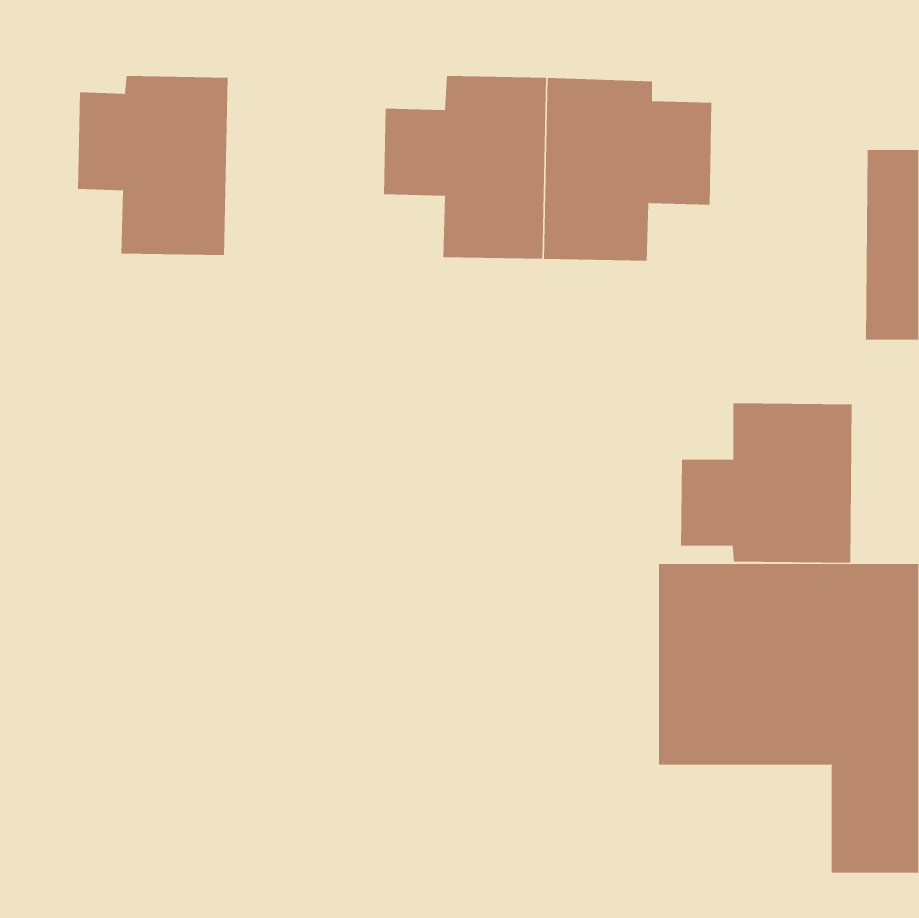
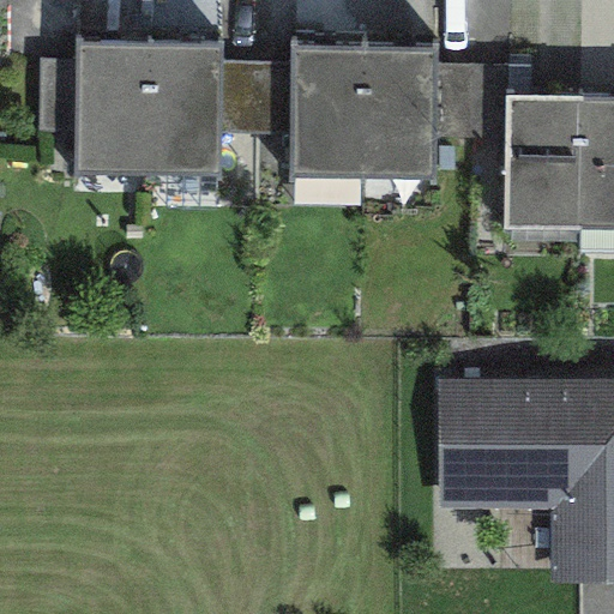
building: none -> [150,52,257,171]
building: none -> [507,98,578,227]
building: [681,402,852,563] -> none

